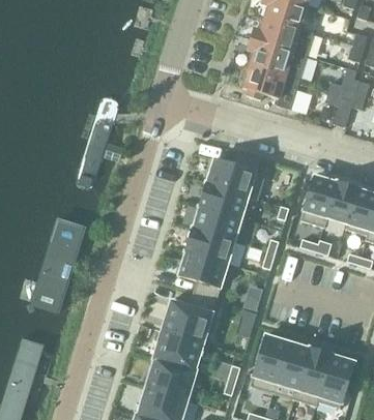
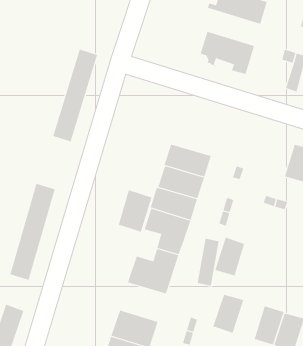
building: [246,38,304,79] -> none
building: [209,151,263,194] -> none
building: [307,176,339,216] -> none
building: none -> [118,190,152,233]
building: [153,328,204,369] -> none
building: [275,347,307,388] -> [214,237,245,276]

